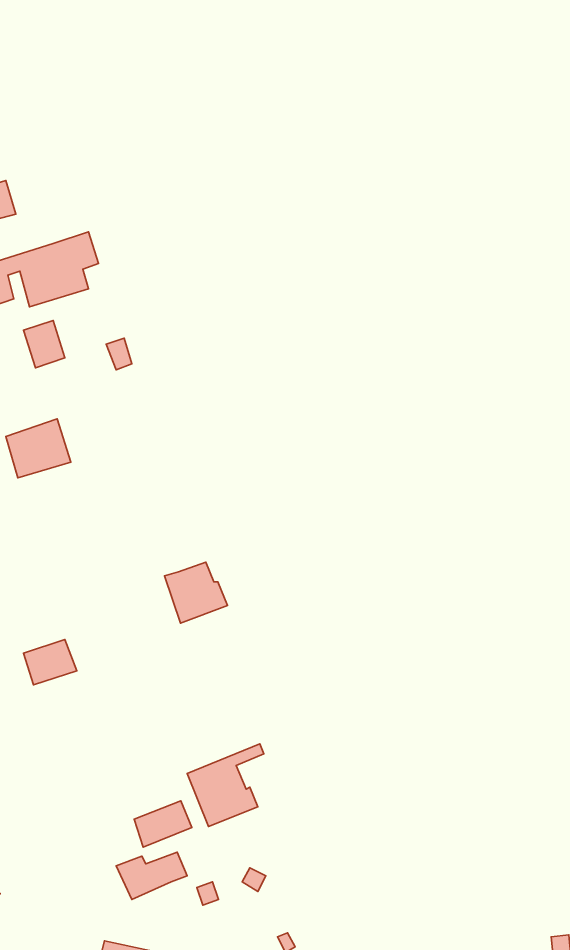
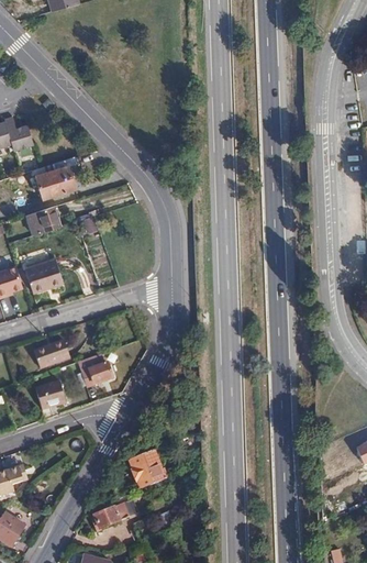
building: none -> [34,339,70,366]
building: [165,562,228,623] -> [77,352,112,386]
building: [134,801,192,847] -> none

